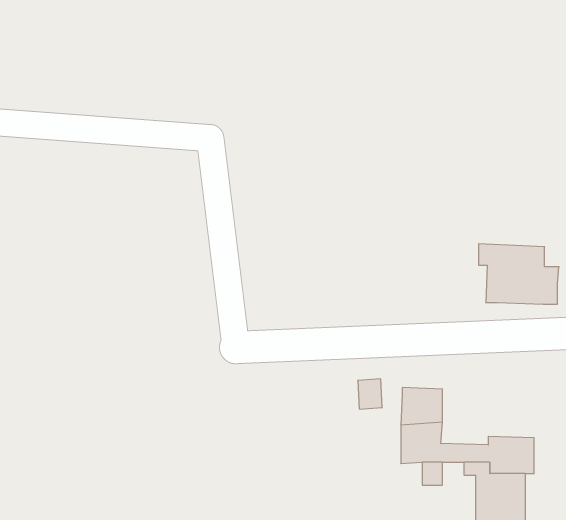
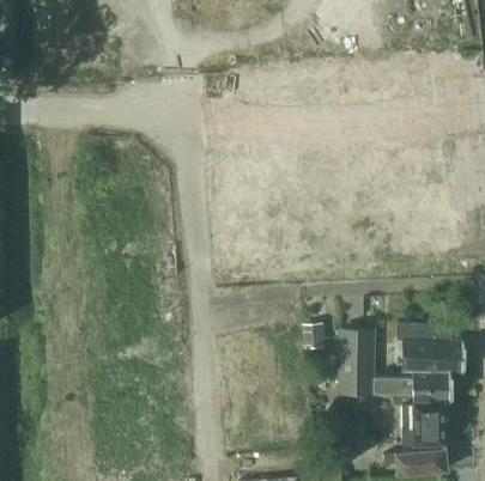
building: [479,244,559,304] -> [398,324,465,375]

